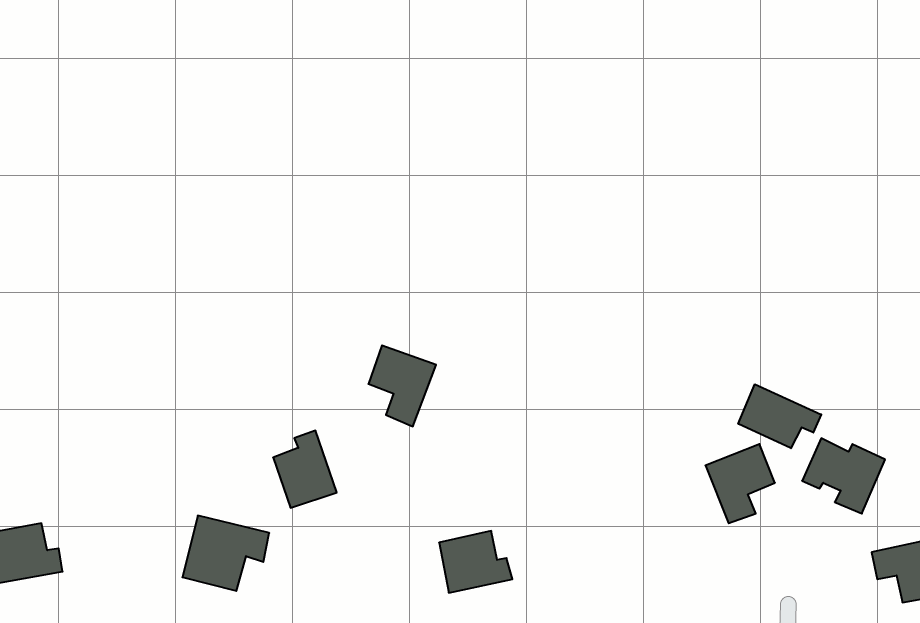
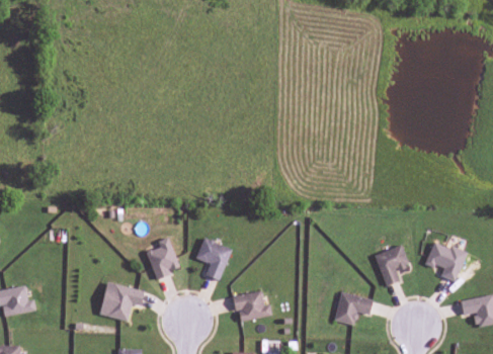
building: [368,345,436,426] -> [196,238,232,280]
building: [738,384,821,448] -> none
building: none -> [334,291,375,325]

